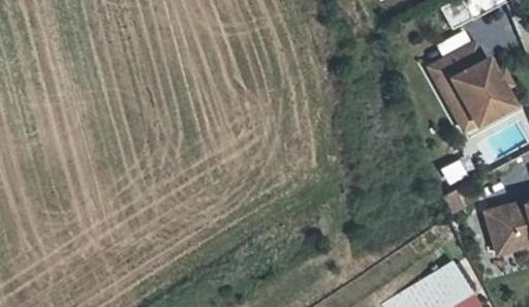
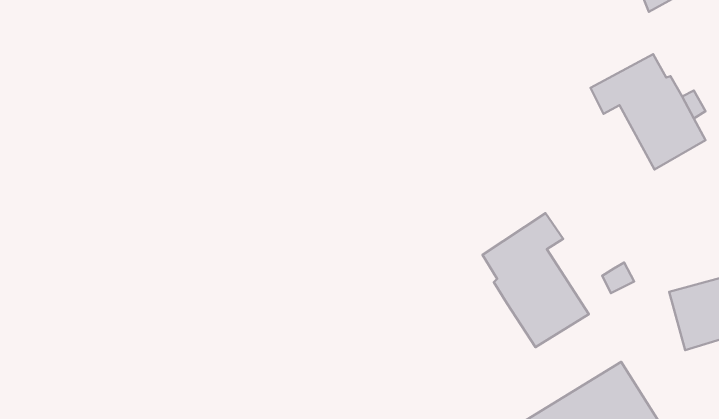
building: none -> [482,213,589,347]

